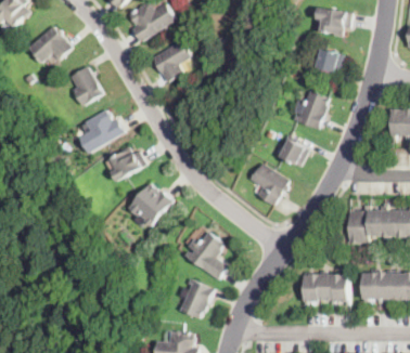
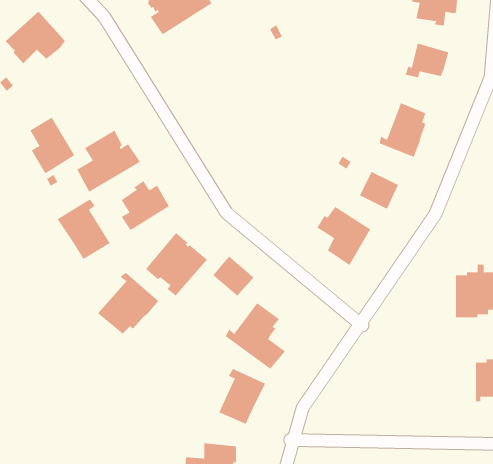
building: [152,40,192,82] -> none
building: [71,66,103,106] -> [29,117,75,173]
building: none -> [57,199,110,260]
building: none -> [212,256,254,297]
building: none -> [97,272,159,335]
building: [304,274,348,305] -> none

